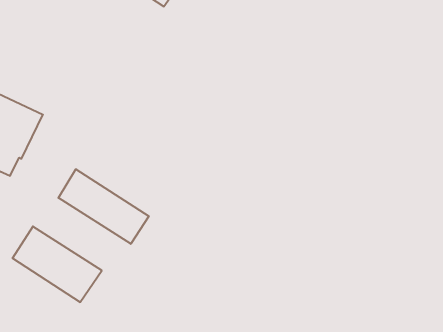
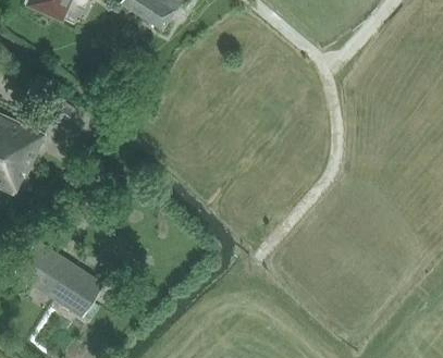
building: [58,169,149,244] -> none

